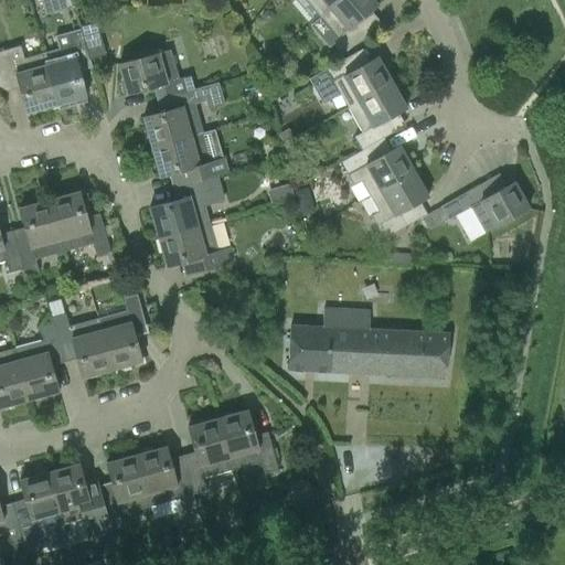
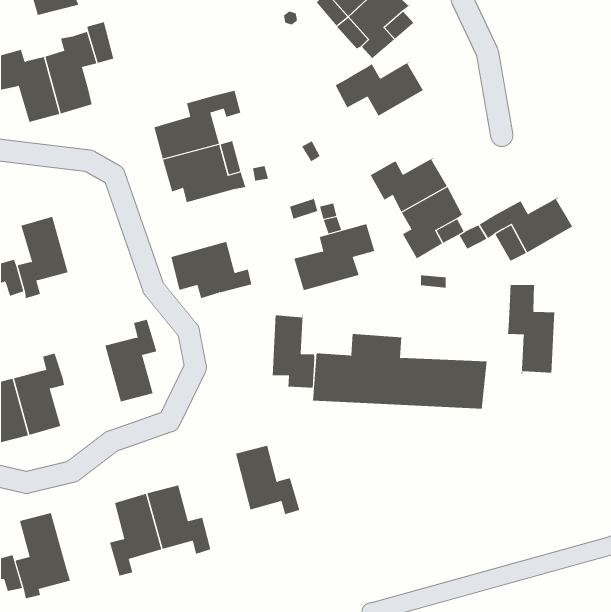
building: [119,50,196,97] -> none
building: [350,83,408,149] -> none
building: [150,174,225,236] -> [294,224,375,291]
building: [51,191,111,255] -> none
building: none -> [508,284,555,375]
building: none -> [272,314,315,388]
building: [52,313,113,379] -> none
building: [184,417,232,493] -> none
building: [50,463,111,535] -> none

